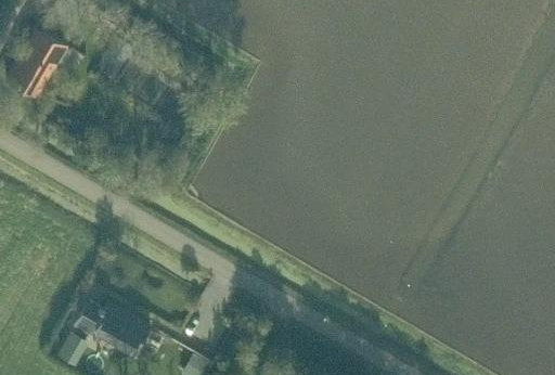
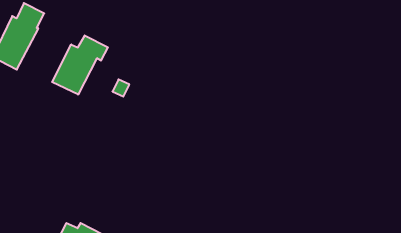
building: none -> [52,35,108,95]

